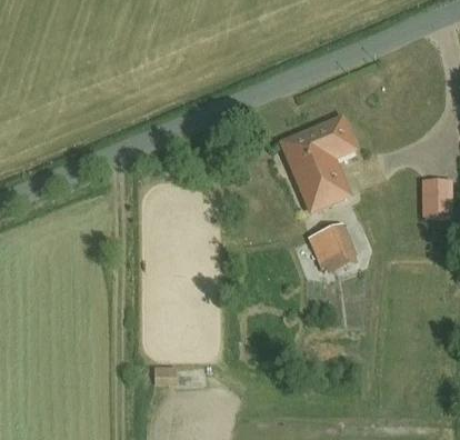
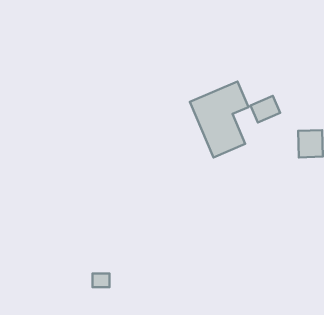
building: none -> [251,96,280,123]
building: [308,219,361,276] -> none

